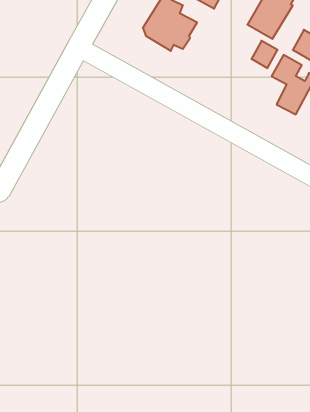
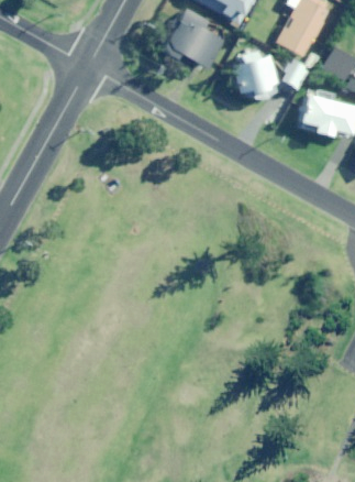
building: none -> [231,50,276,92]

